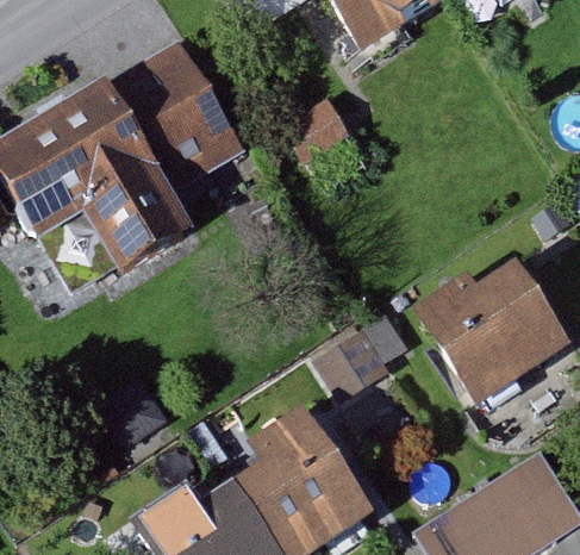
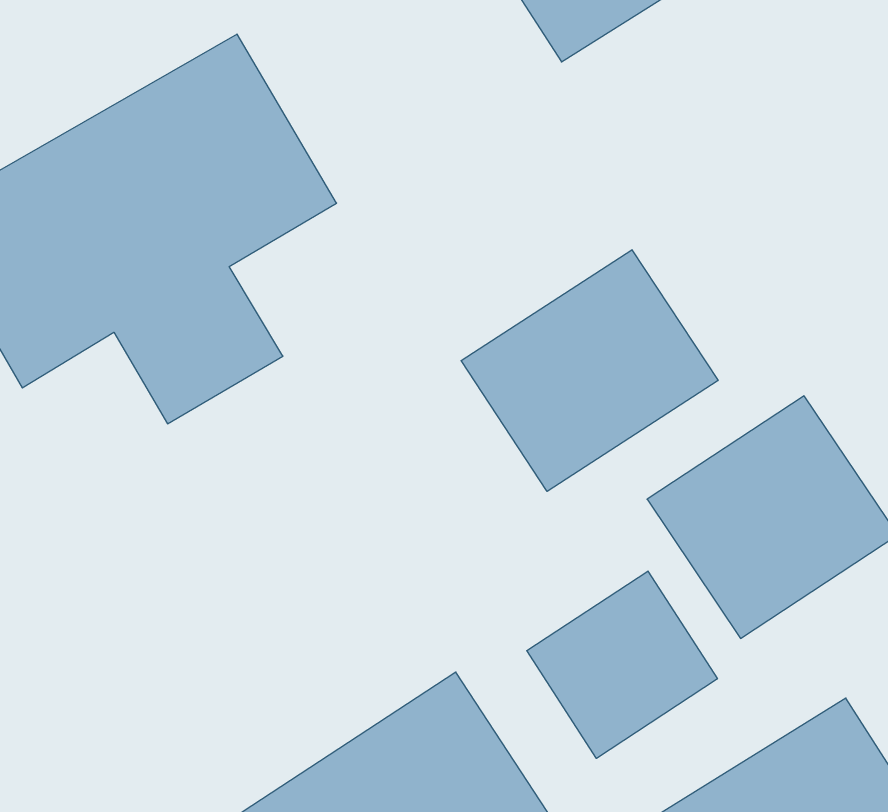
building: none -> [461,250,718,491]
building: none -> [527,571,717,758]

